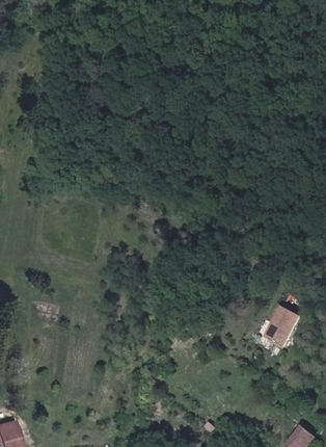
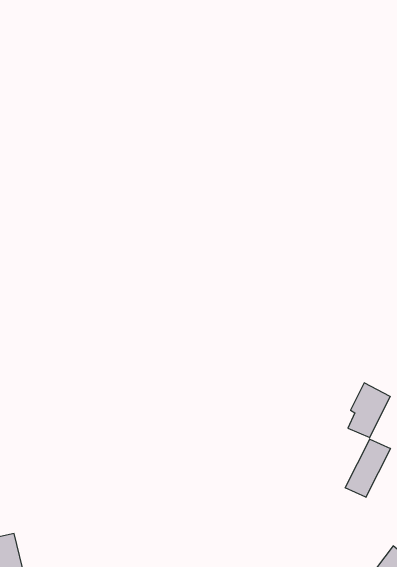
building: none -> [345,439,390,497]

